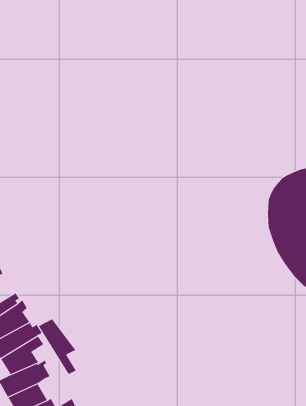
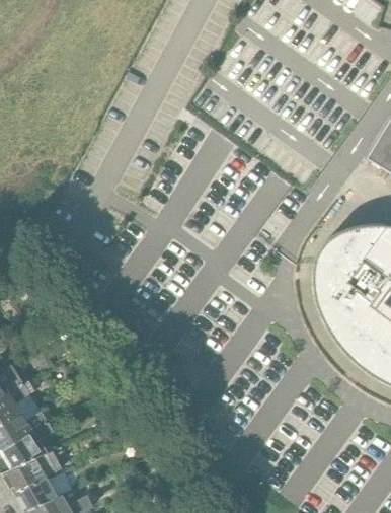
building: [38,318,76,375] -> none

